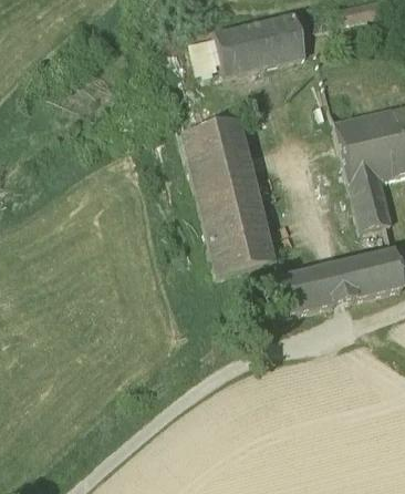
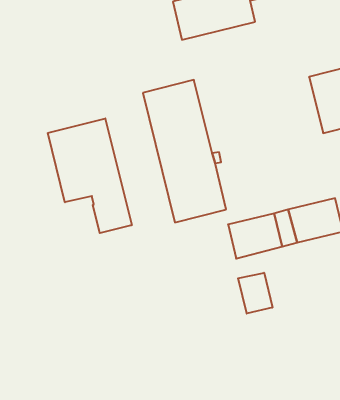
building: [335,114,393,228] -> none
building: none -> [48,118,132,233]
building: none -> [238,273,272,314]

